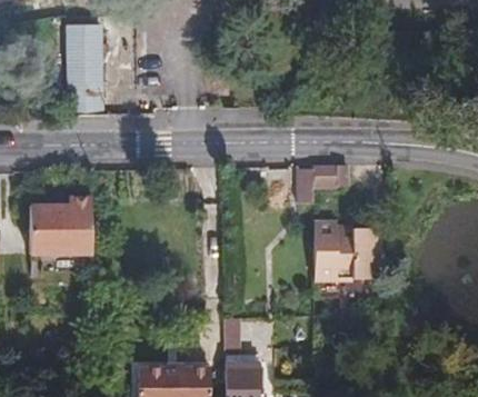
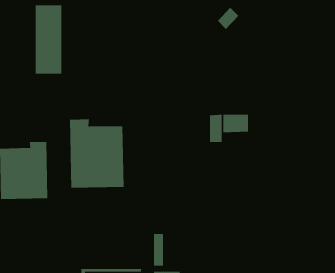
building: none -> [69,118,124,188]
building: [315,225,375,280] -> none

